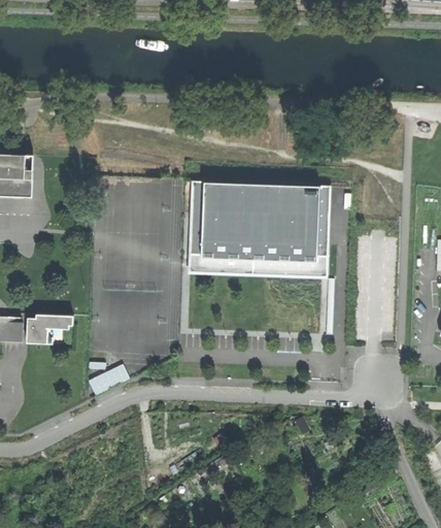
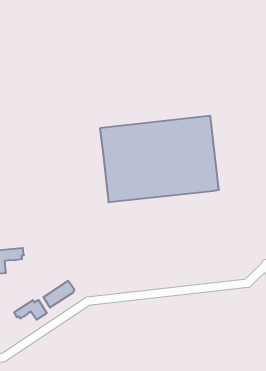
building: none -> [14,300,47,320]

